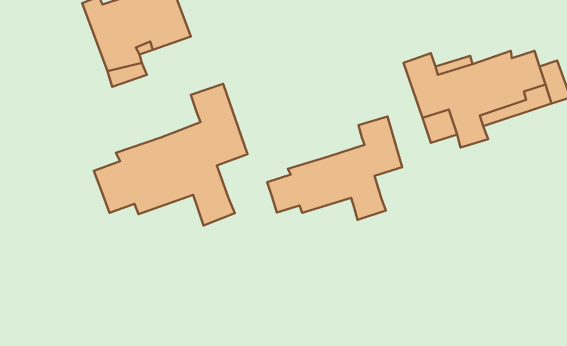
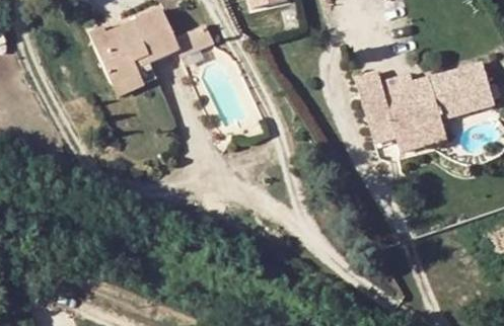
building: [94,84,247,225] -> none
building: [267,117,402,220] -> none

